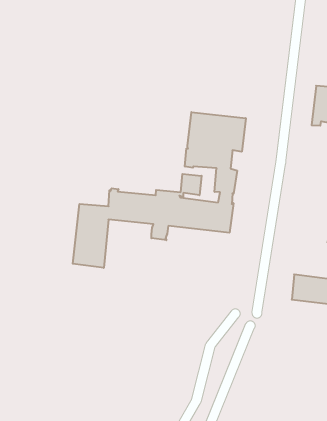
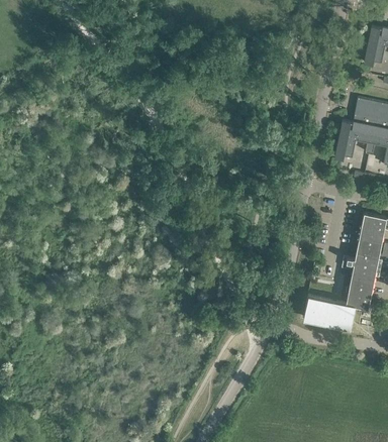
building: [73,112,246,268] -> none

